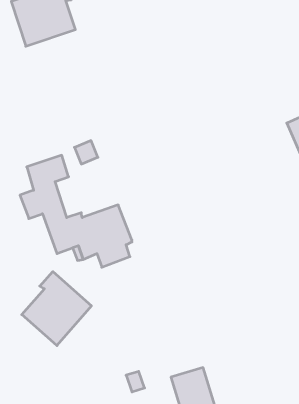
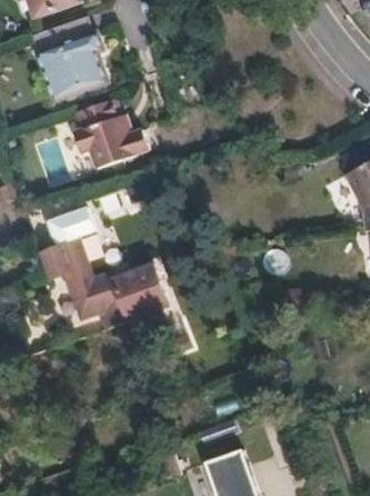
building: none -> [70,97,150,167]
building: [22,272,91,346] -> none

